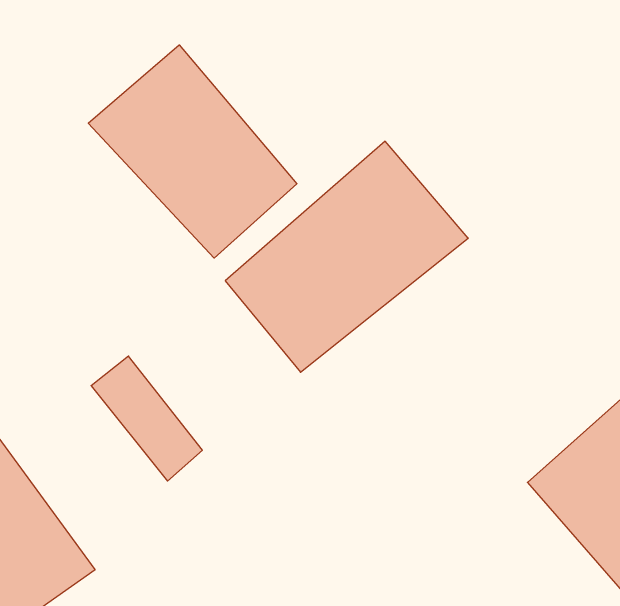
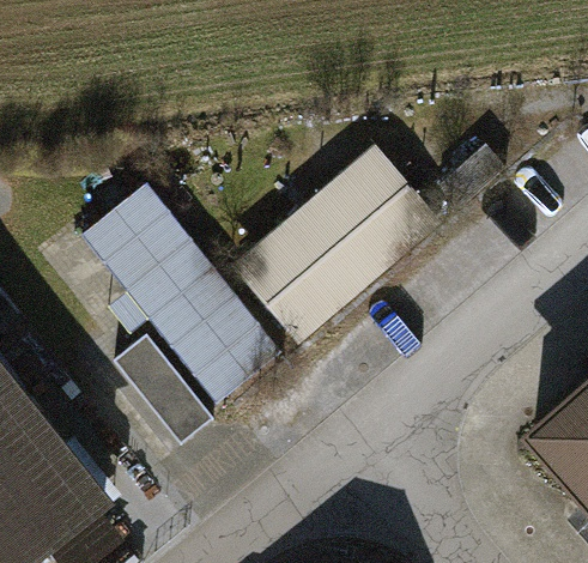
building: [88,45,297,258] -> none
building: none -> [83,182,281,402]

